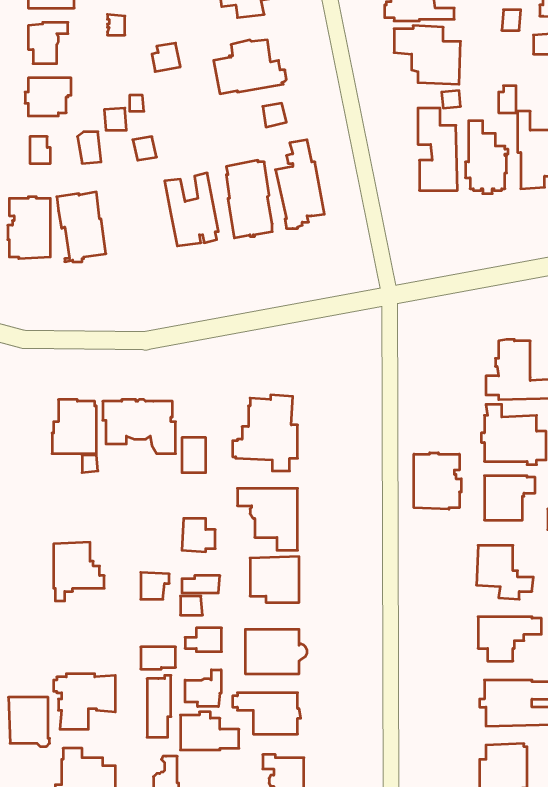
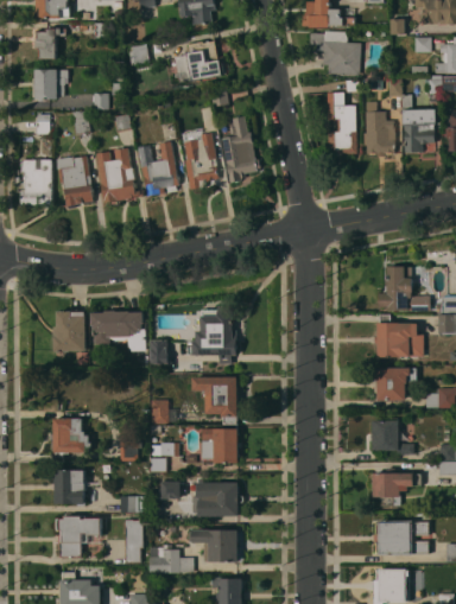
building: none -> [96,147,142,203]
building: [414,453,461,509] -> none
building: [185,670,221,707] -> none
building: [8,697,50,746] -> [53,470,84,507]

